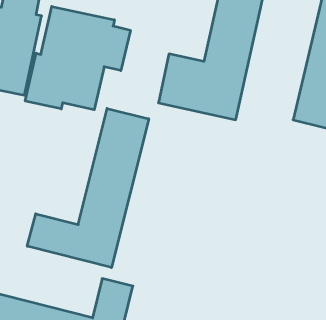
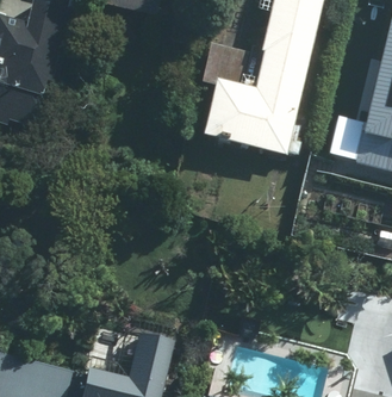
building: [25,6,130,110] -> none
building: [27,108,149,268] -> none

